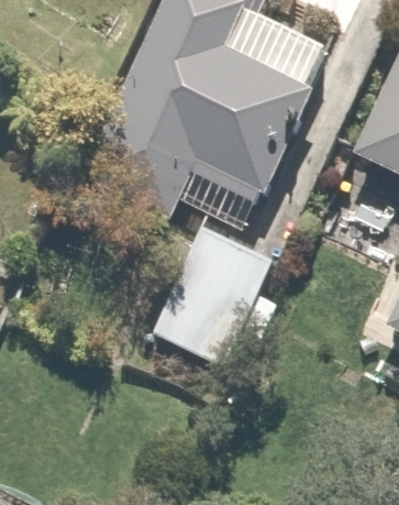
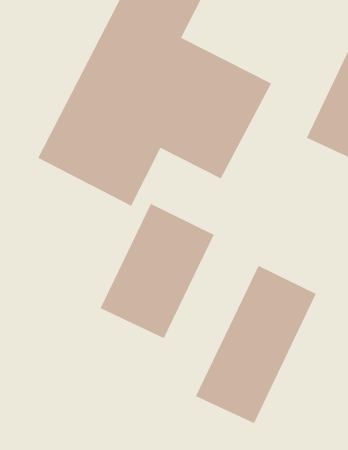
building: none -> [195,265,317,424]

